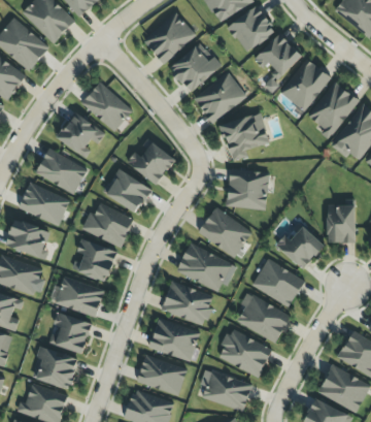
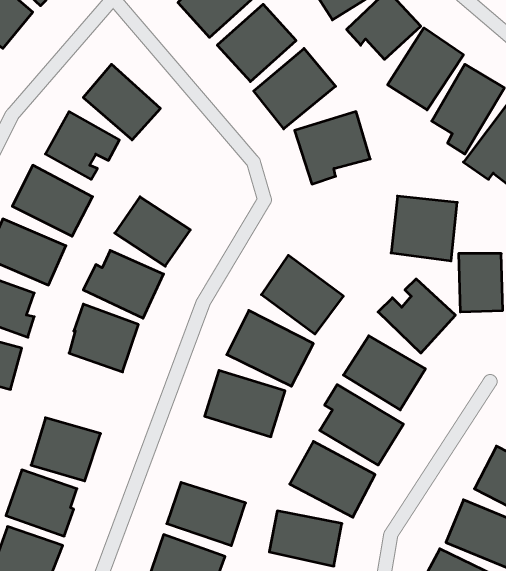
building: [126,142,175,184] -> none
building: [226,168,269,210] -> [391,196,457,261]
building: [55,278,104,317] -> none
building: [148,319,199,361] -> none

